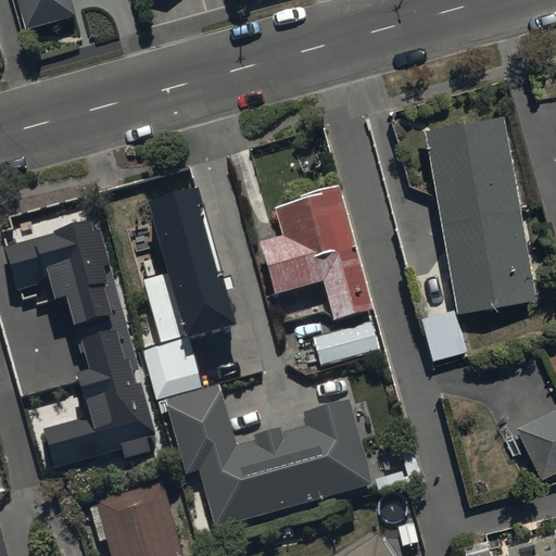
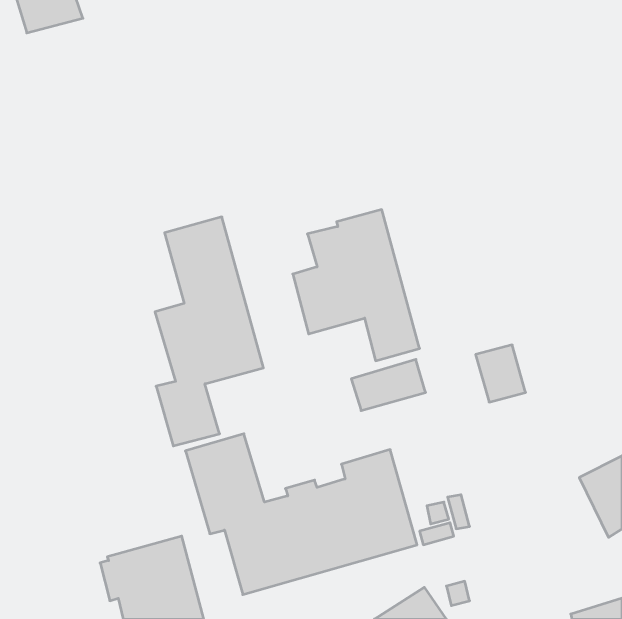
building: [429,114,539,312] -> none
building: [5,225,151,468] -> none

